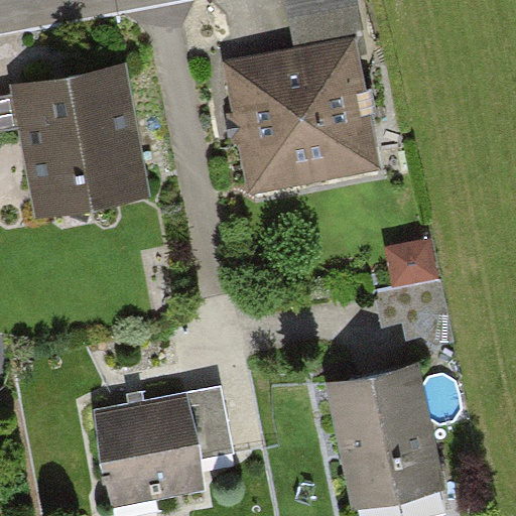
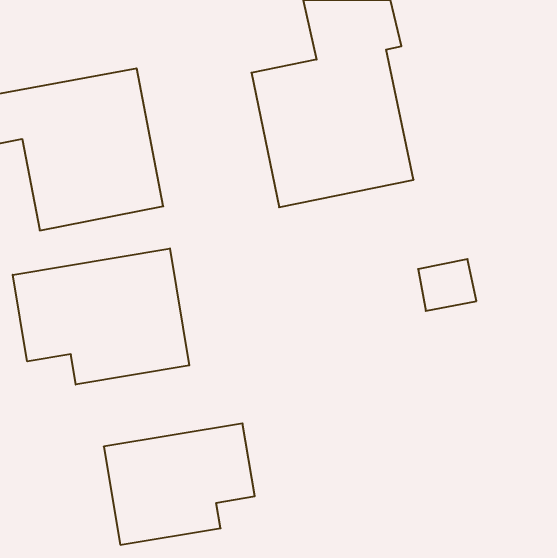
building: none -> [13,248,189,385]
building: [335,367,433,505] -> none

